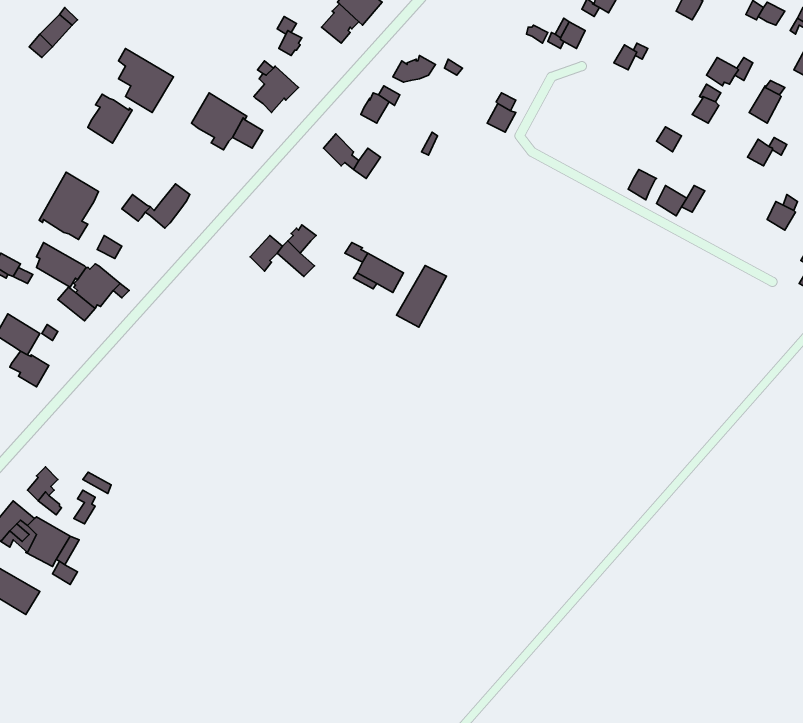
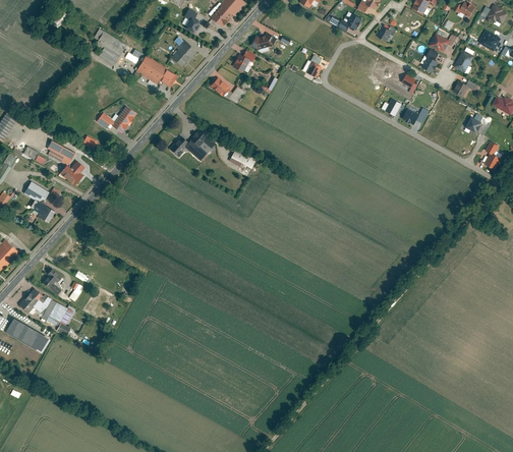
building: [88,94,132,143] -> none
building: [39,172,99,240] -> none
building: [396,266,447,327] -> none

